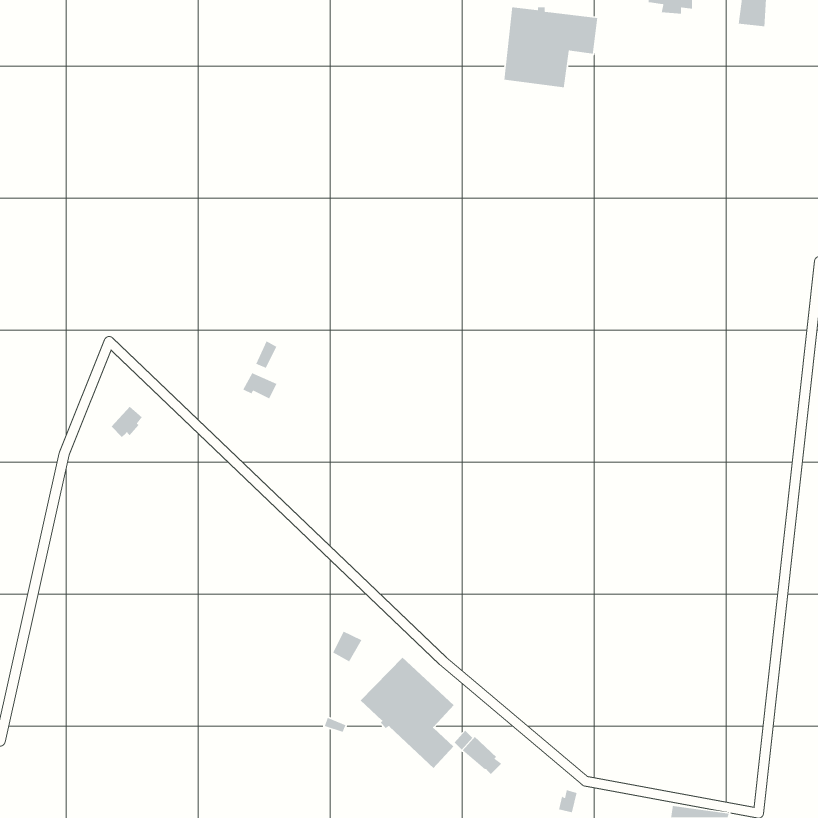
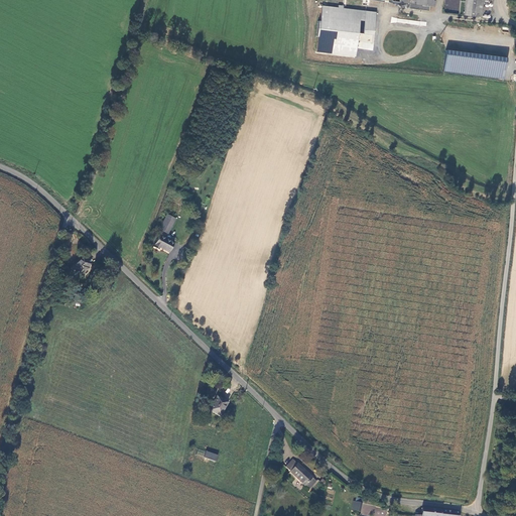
building: none -> [444,49,508,78]
building: [360,657,455,769] -> none

